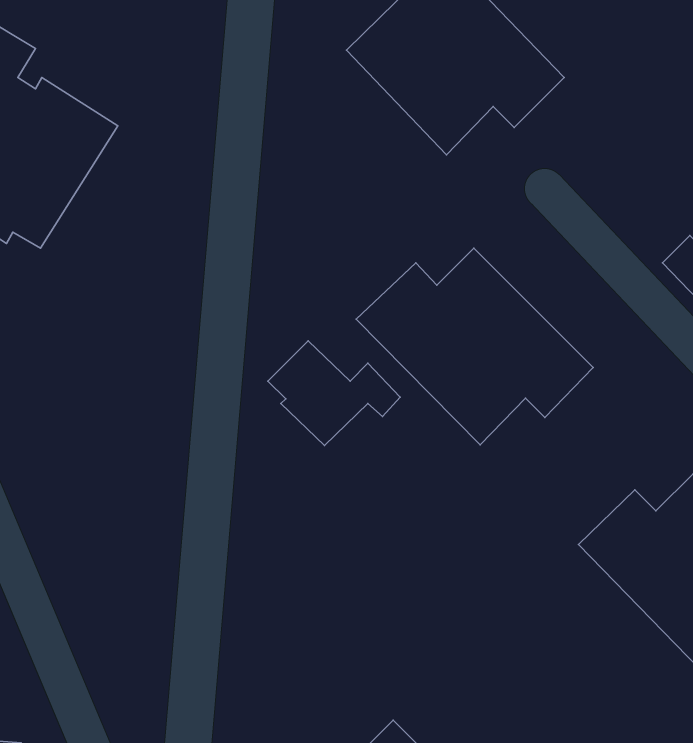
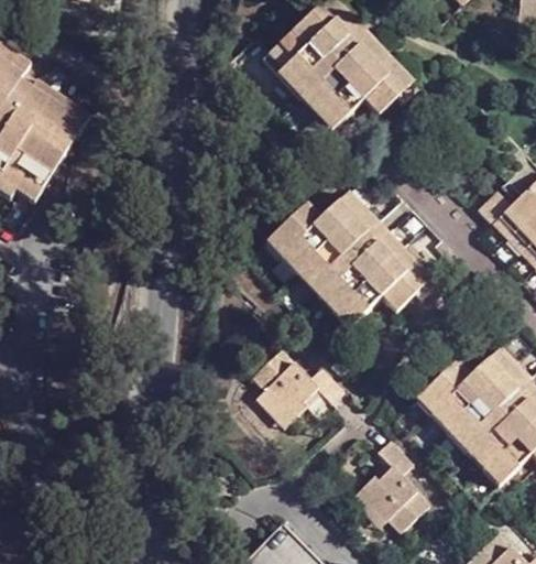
building: [268,341,400,445] -> [254,352,344,424]
building: none -> [362,436,431,527]

